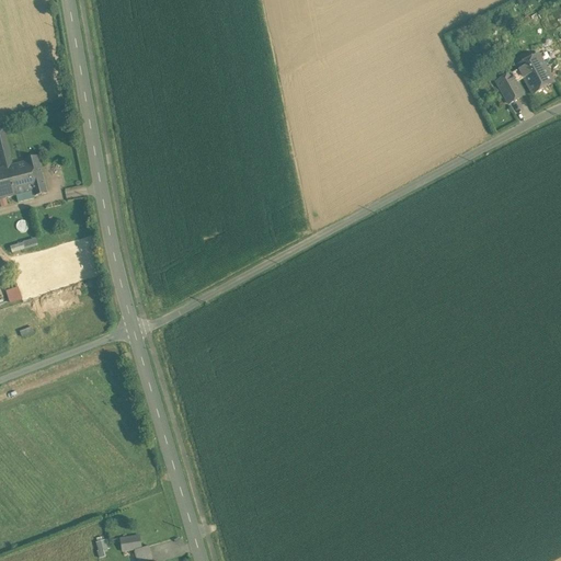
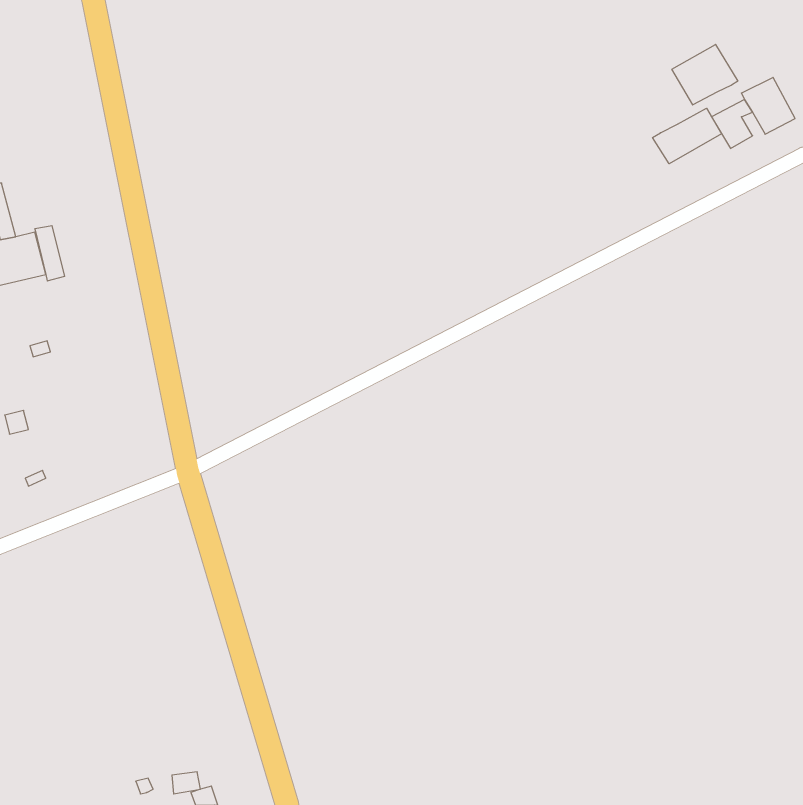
building: none -> [672,44,738,105]
building: none -> [653,108,722,164]

